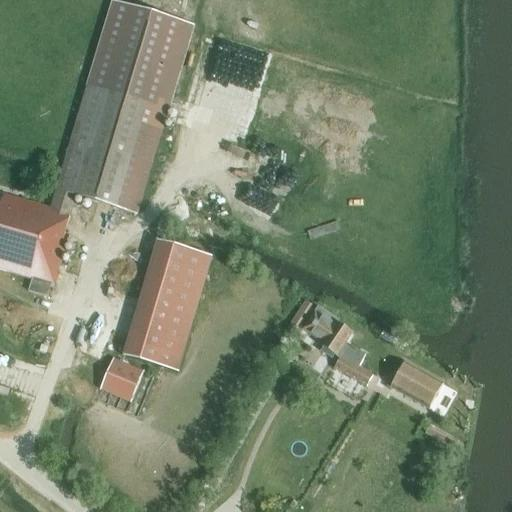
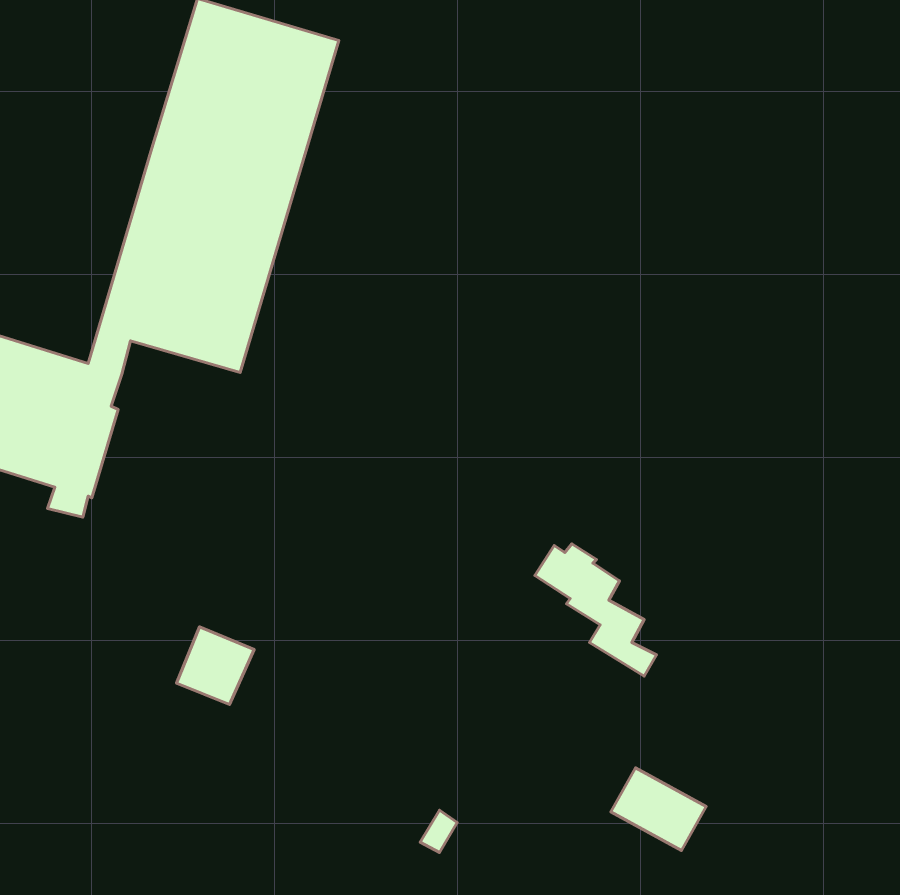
building: [123,238,211,369] -> none
building: [389,359,443,406] -> [611,768,706,851]

